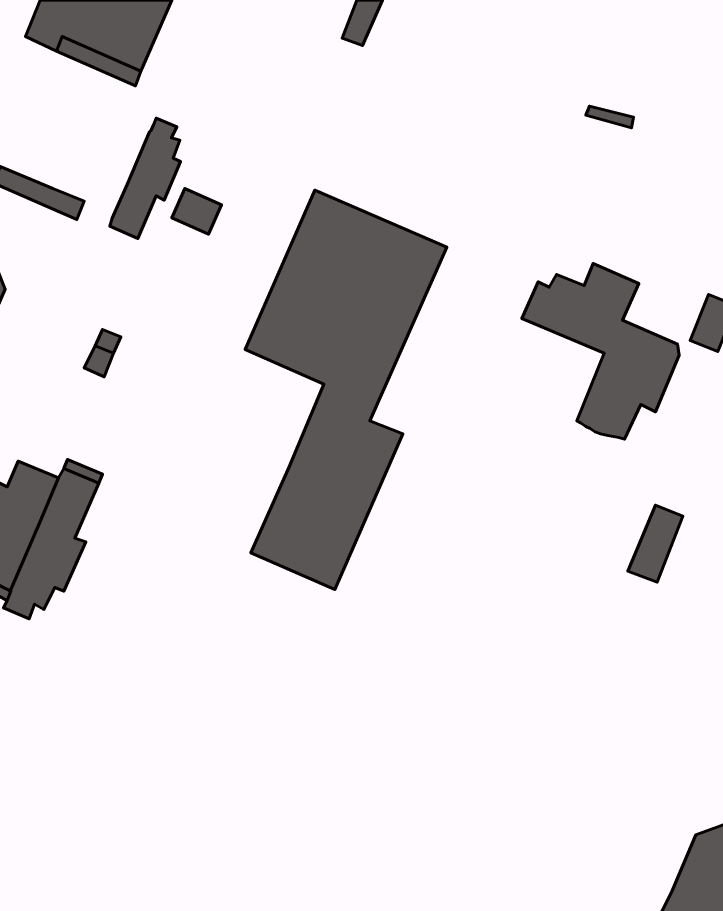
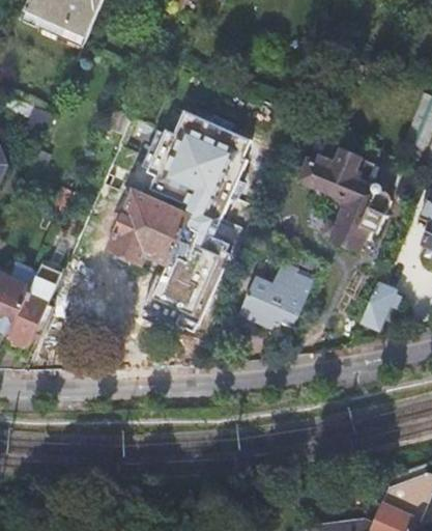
building: [110,118,180,239] -> none
building: none -> [108,193,186,264]
building: none -> [238,264,312,328]

